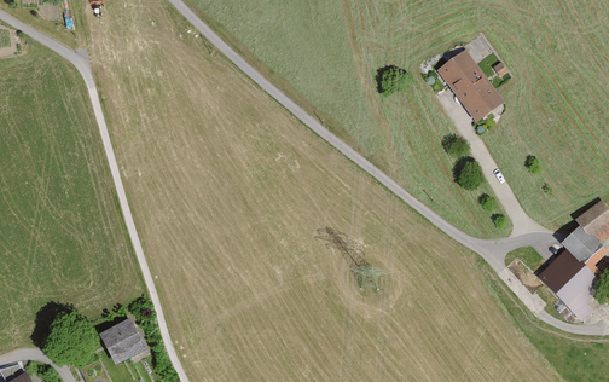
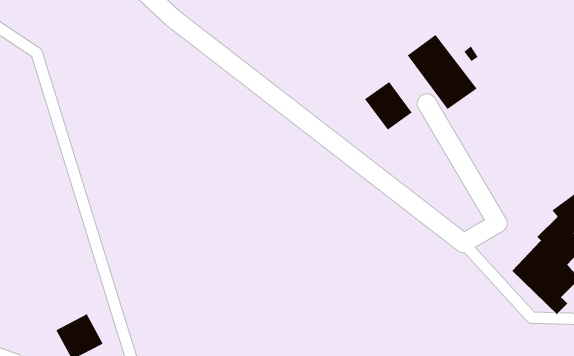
building: none -> [364,81,413,130]

